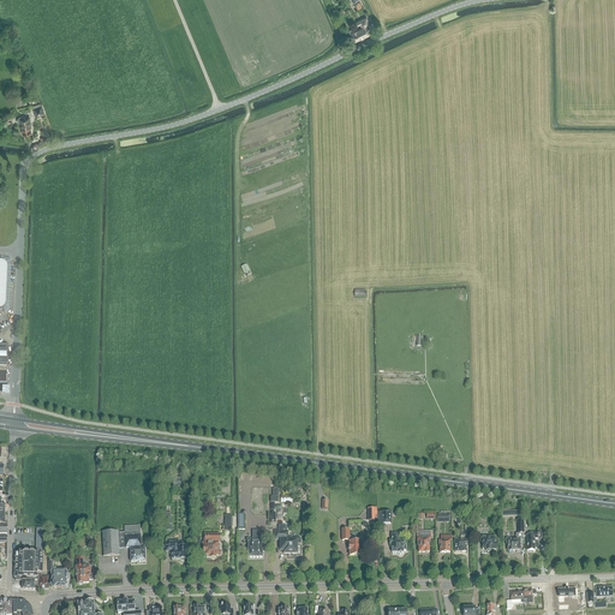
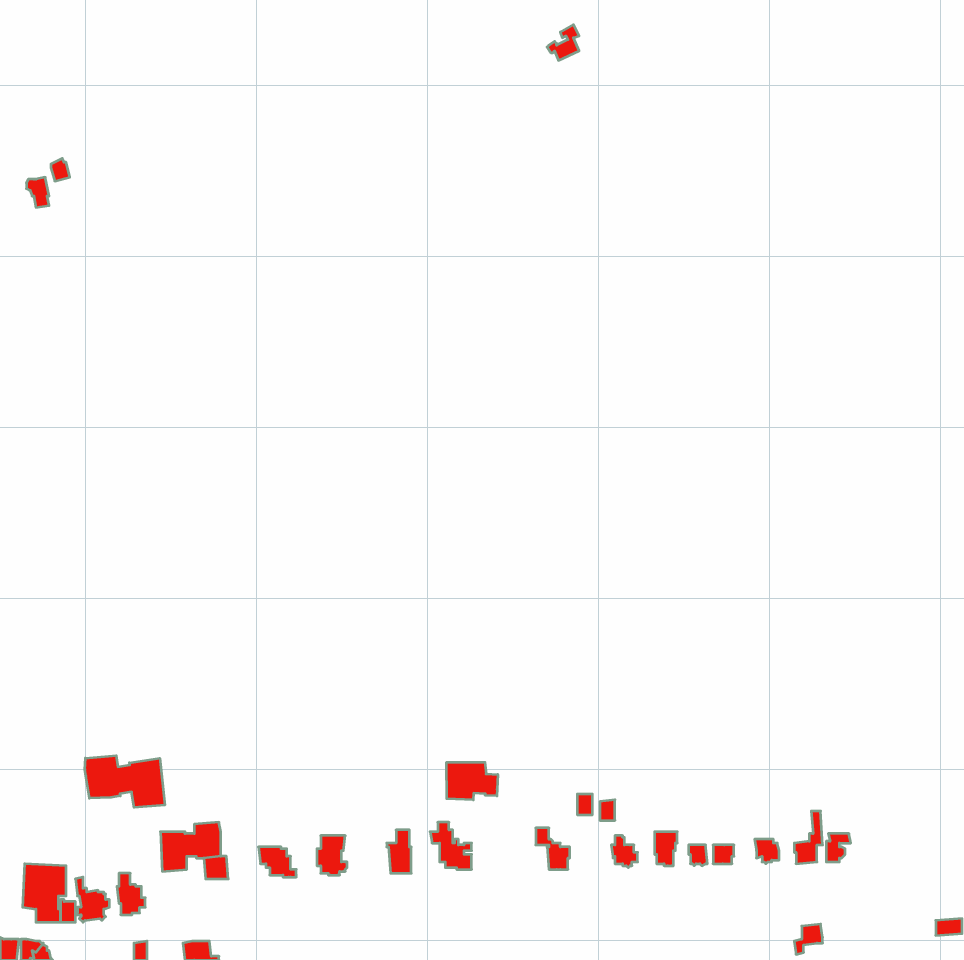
building: none -> [85,756,165,807]
building: none -> [447,762,498,800]

